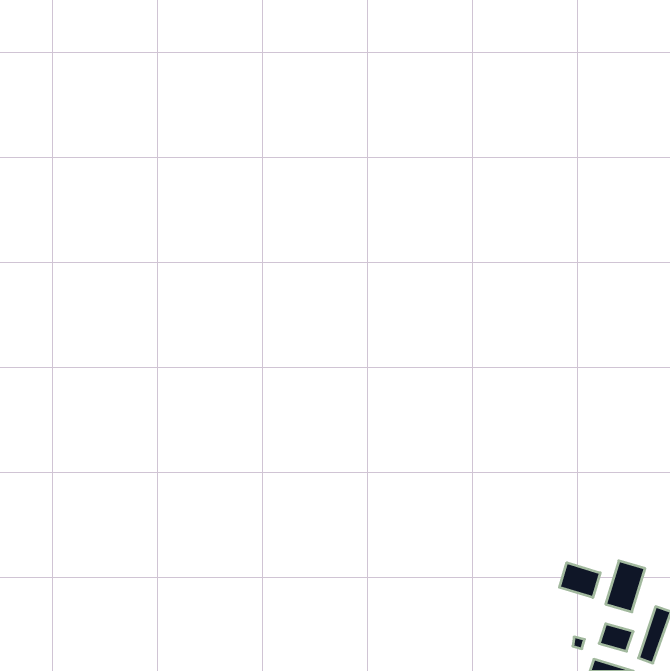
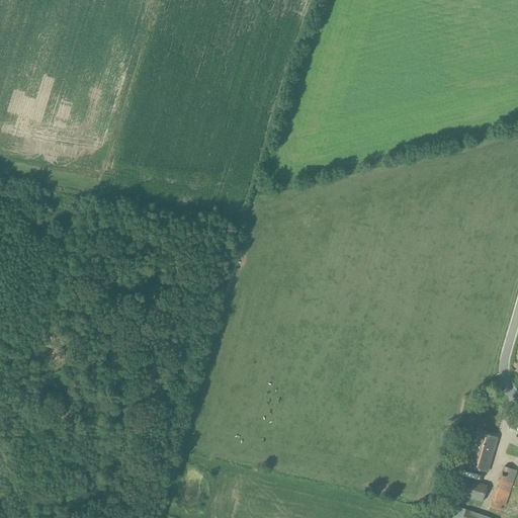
building: [559,563,600,598] -> none

